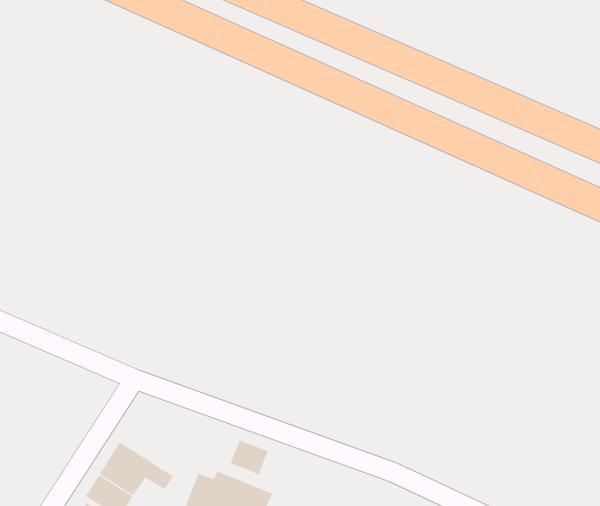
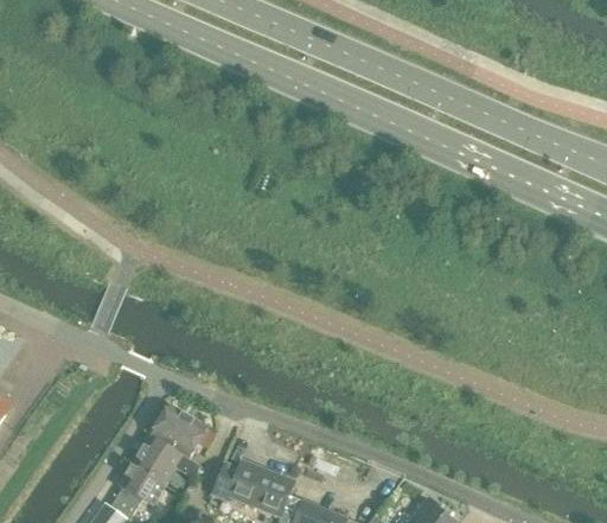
building: none -> [151,404,207,459]
building: [230,440,268,475] -> none

